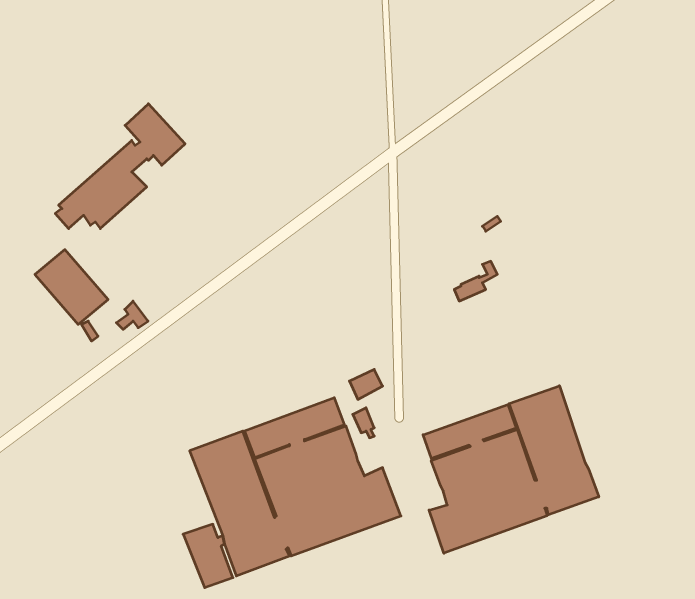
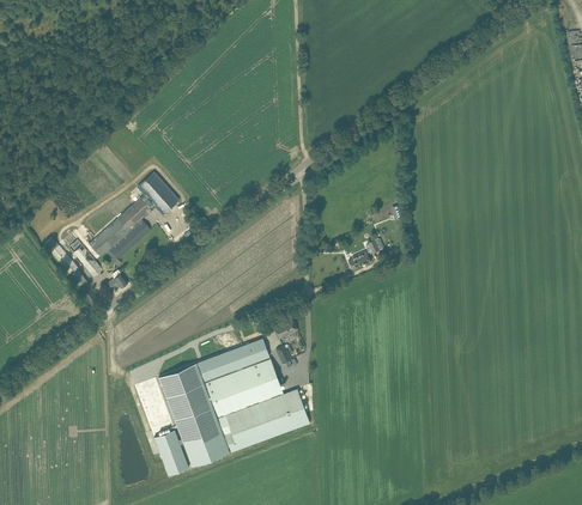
building: [55,104,185,229] -> [86,170,180,260]
building: [423,386,599,553] -> none

